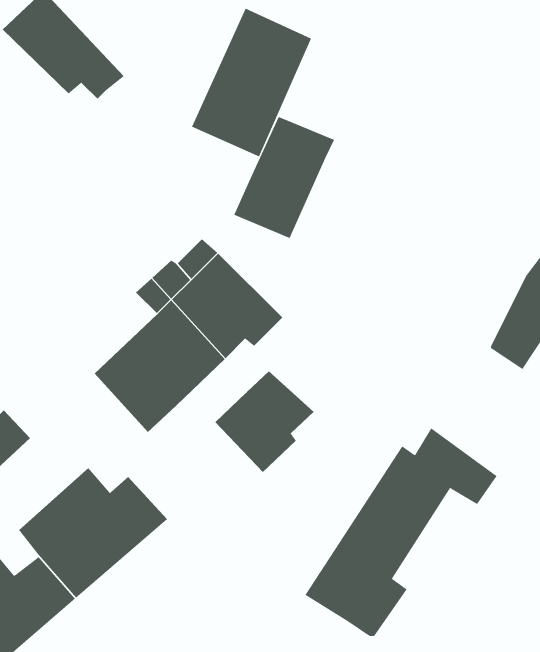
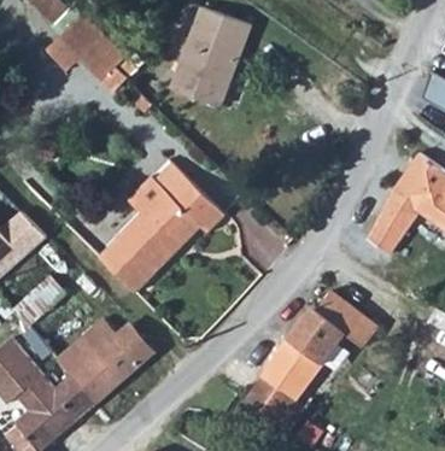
building: [233,116,335,239] -> none
building: [215,370,314,473] -> none

